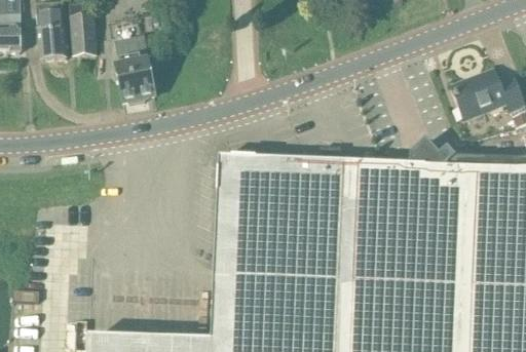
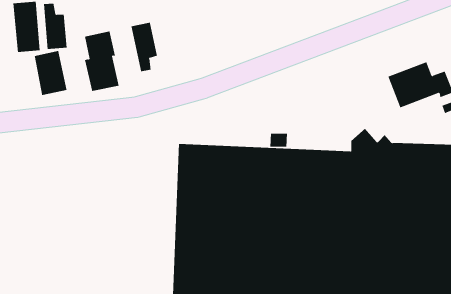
building: none -> [131,22,157,72]
building: none -> [34,50,67,96]

